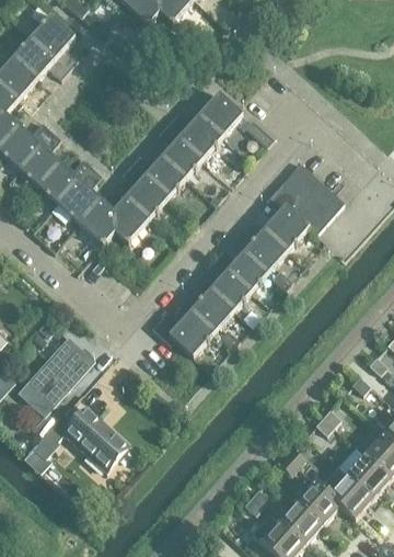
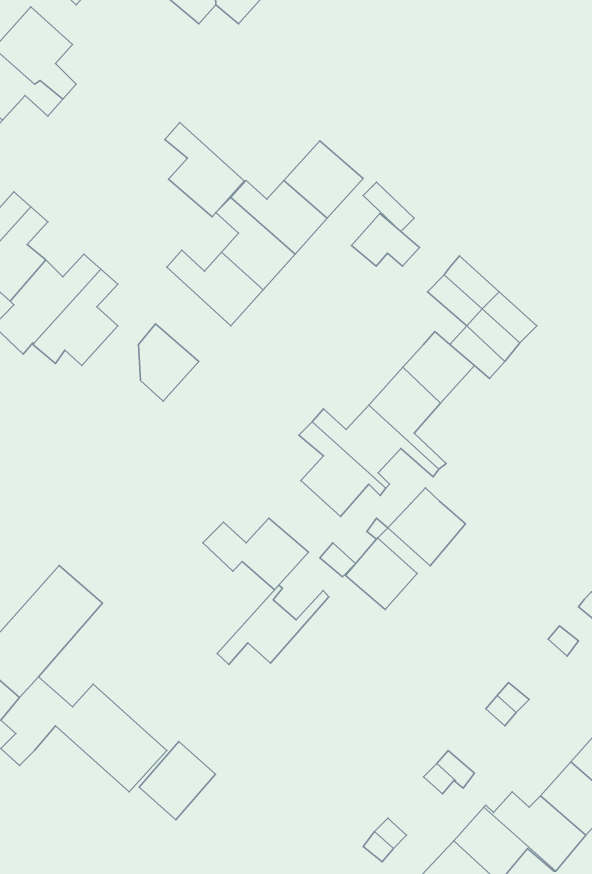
building: [120,167,166,221] -> [165,122,244,217]
building: [264,181,303,212] -> [352,213,420,266]
building: [80,201,114,245] -> none
building: [188,291,230,332] -> [346,538,417,609]
building: none -> [388,488,465,566]
building: none -> [217,585,329,664]
building: none -> [139,741,216,820]

